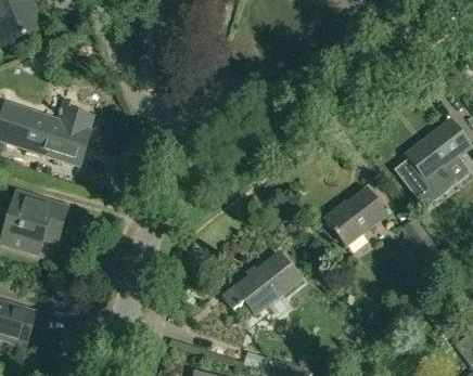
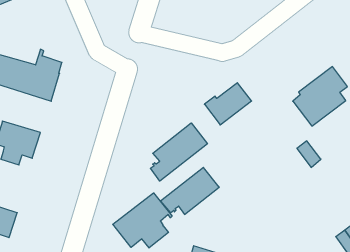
building: [325,190,387,245] -> [204,83,252,125]
building: none -> [150,123,207,181]
building: none -> [113,193,172,248]

